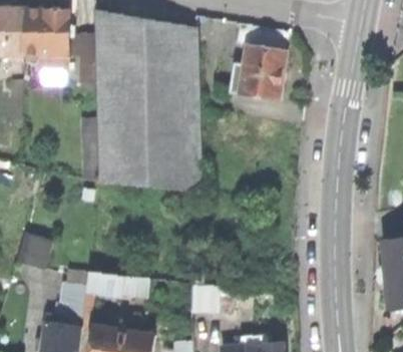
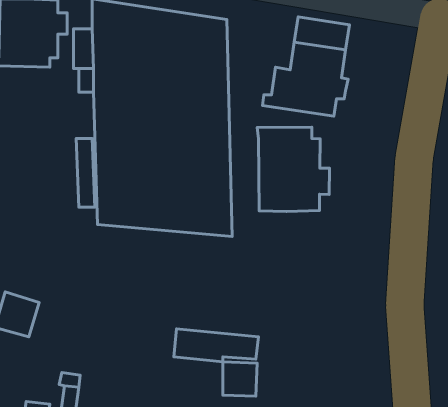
building: none -> [257,127,329,211]
building: [84,272,148,297] -> [174,329,258,362]

